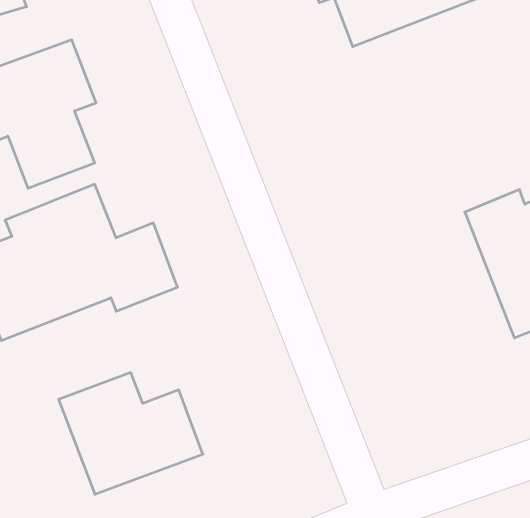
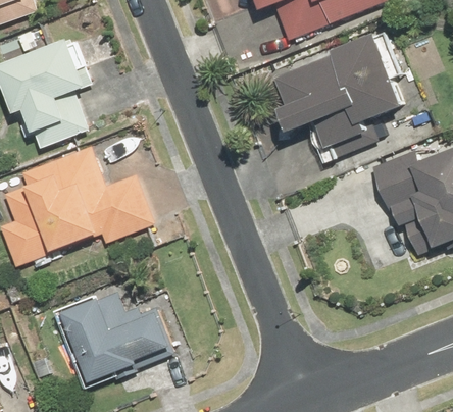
building: none -> [273,37,399,162]

